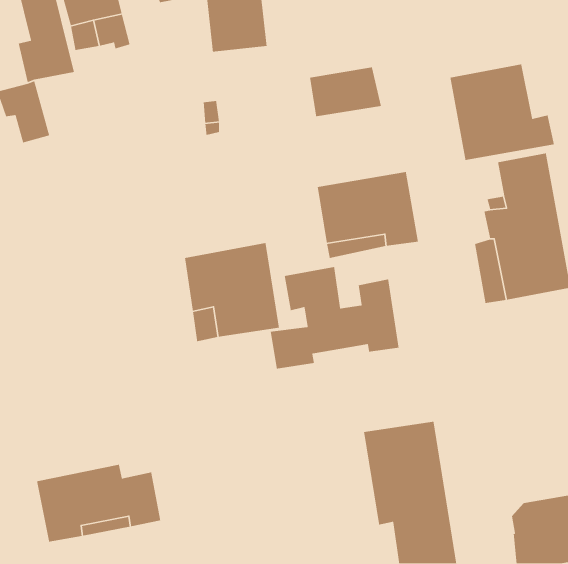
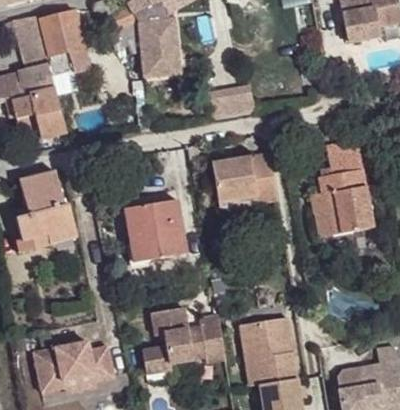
building: [450,63,555,161] -> none
building: none -> [28,88,65,138]
building: none -> [14,170,76,252]
building: [270,266,399,370] -> [140,306,224,373]

